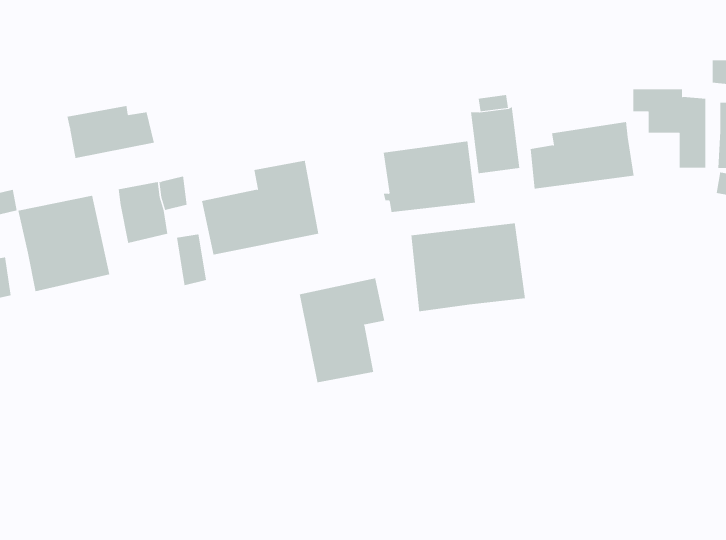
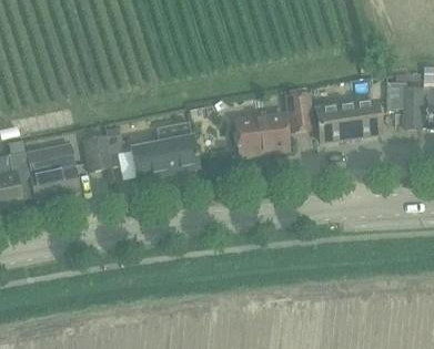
building: [67,105,154,159] -> none
building: [411,222,526,312] -> none
building: [299,277,385,383] -> none

